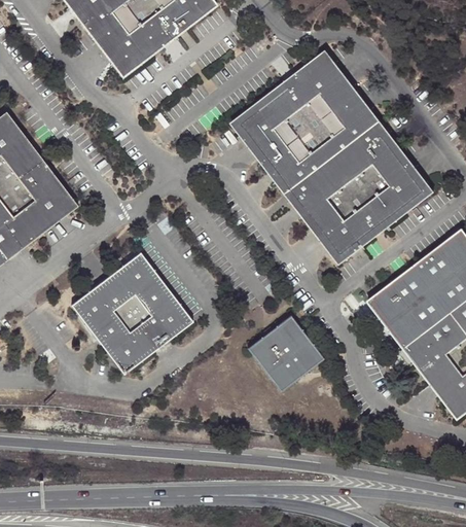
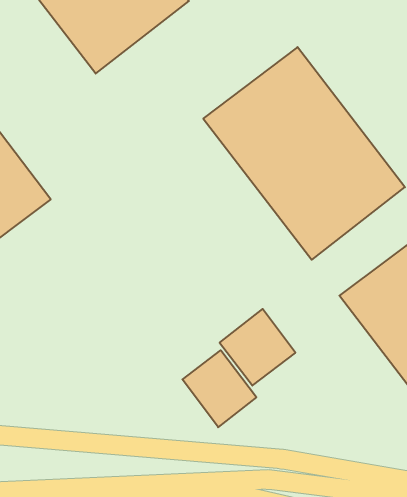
building: [72,252,193,374] -> none
building: none -> [182,350,256,427]

